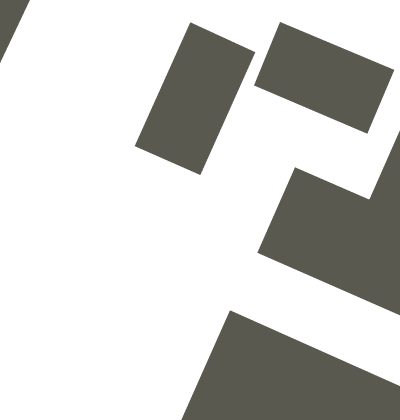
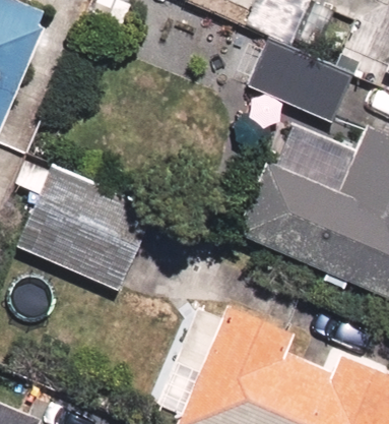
building: [133,21,256,176] -> none
building: none -> [22,150,150,288]

